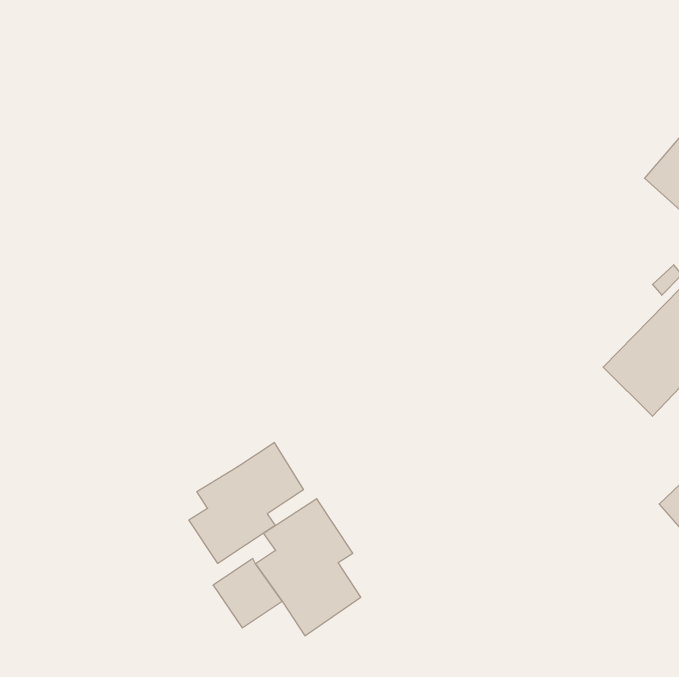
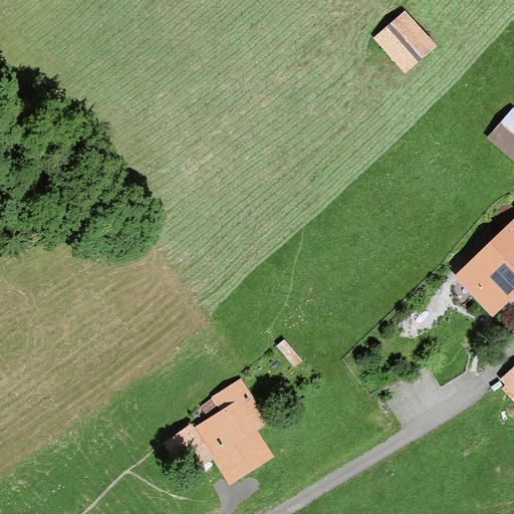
building: none -> [374,9,436,71]
building: [189,442,303,563] -> none

